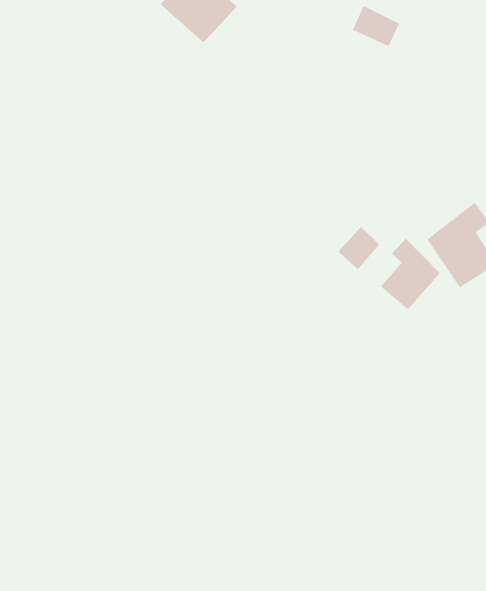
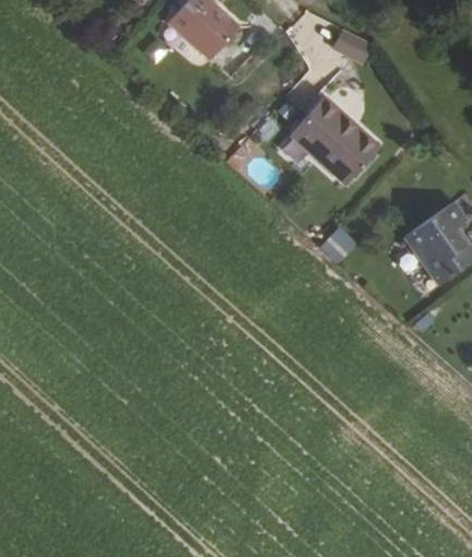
building: none -> [292,99,379,185]
building: [380,238,441,310] -> none

